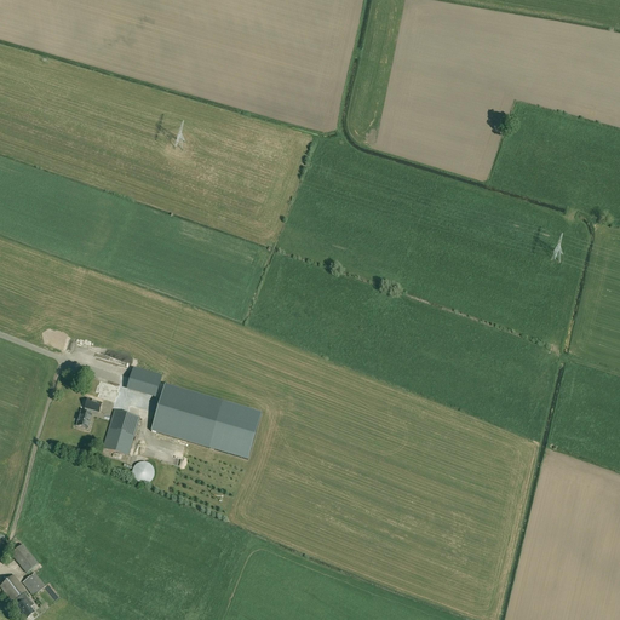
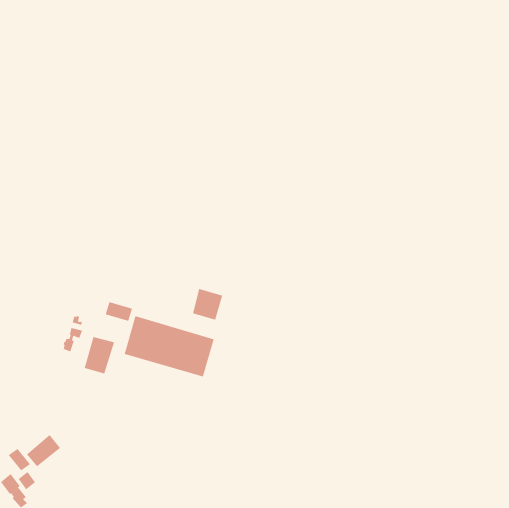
building: none -> [192,288,223,321]
building: none -> [26,434,61,467]

